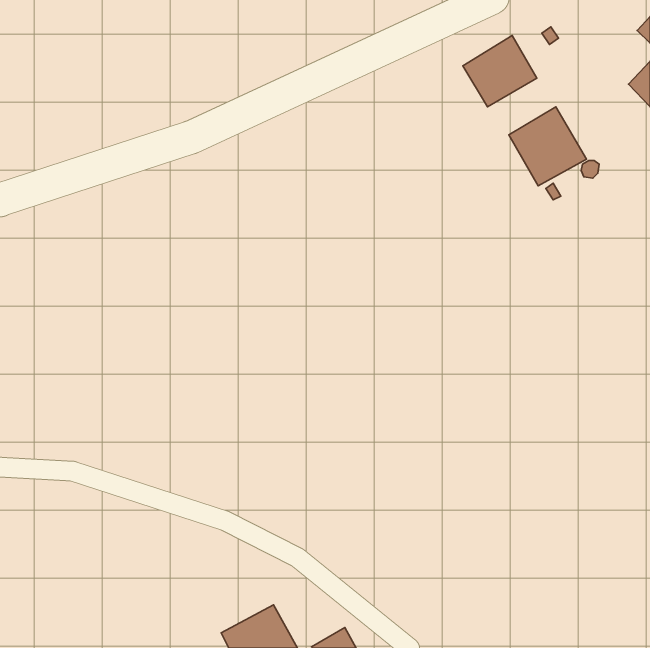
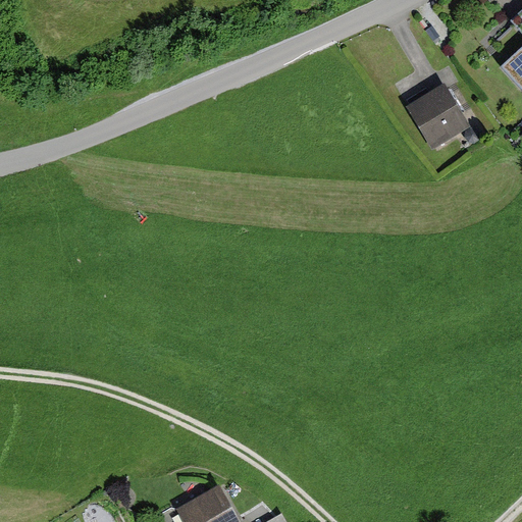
building: [463,36,537,107] -> none

